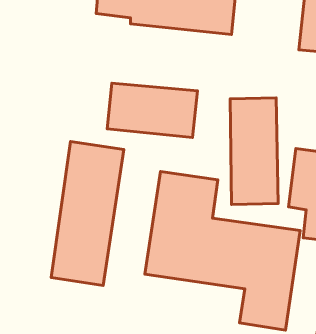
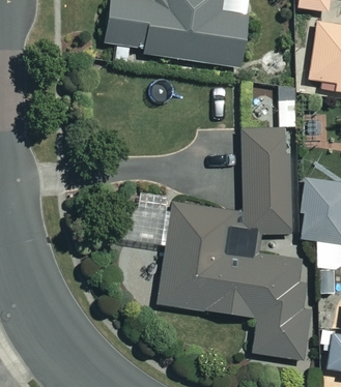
building: [107,83,197,137] -> none
building: [51,141,124,285] -> none

